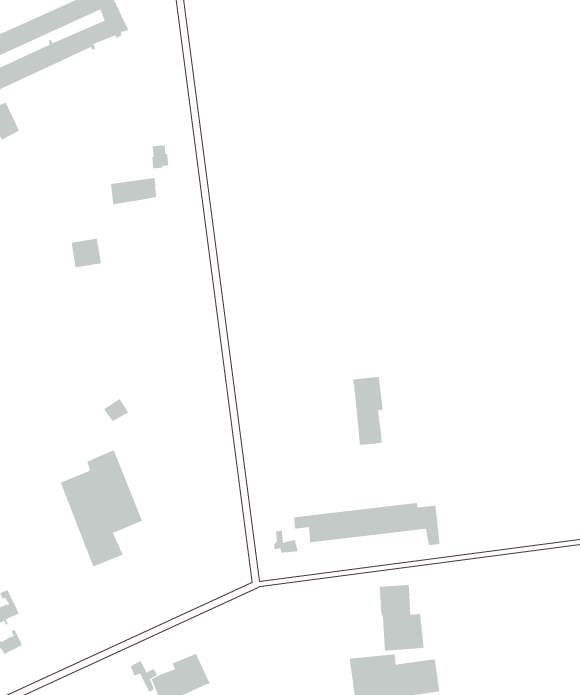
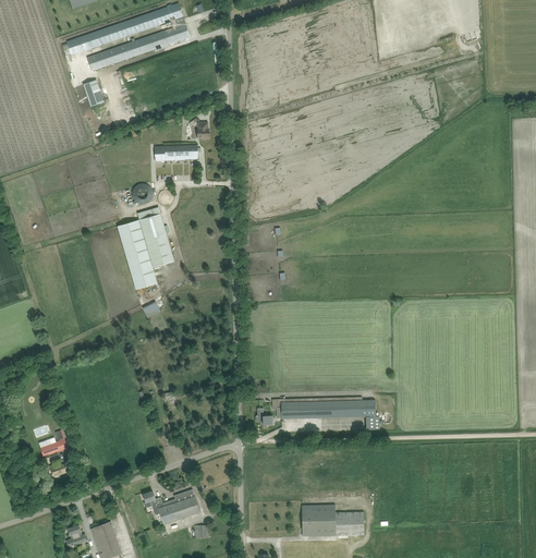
building: [353,376,383,445] -> none
building: [60,450,143,567] -> [118,207,174,290]
building: [379,584,424,652] -> none

